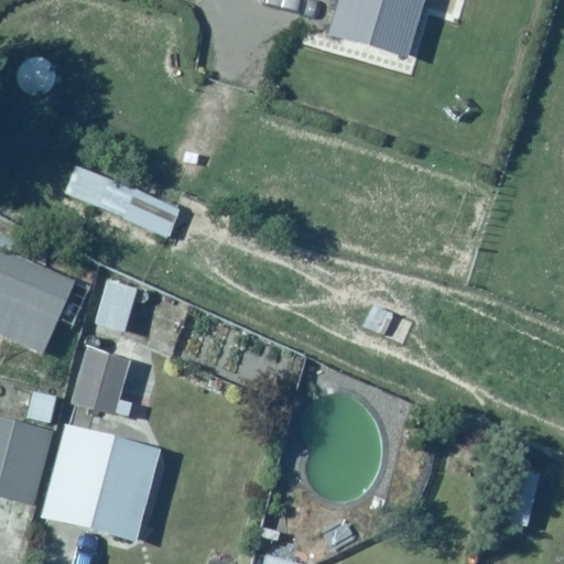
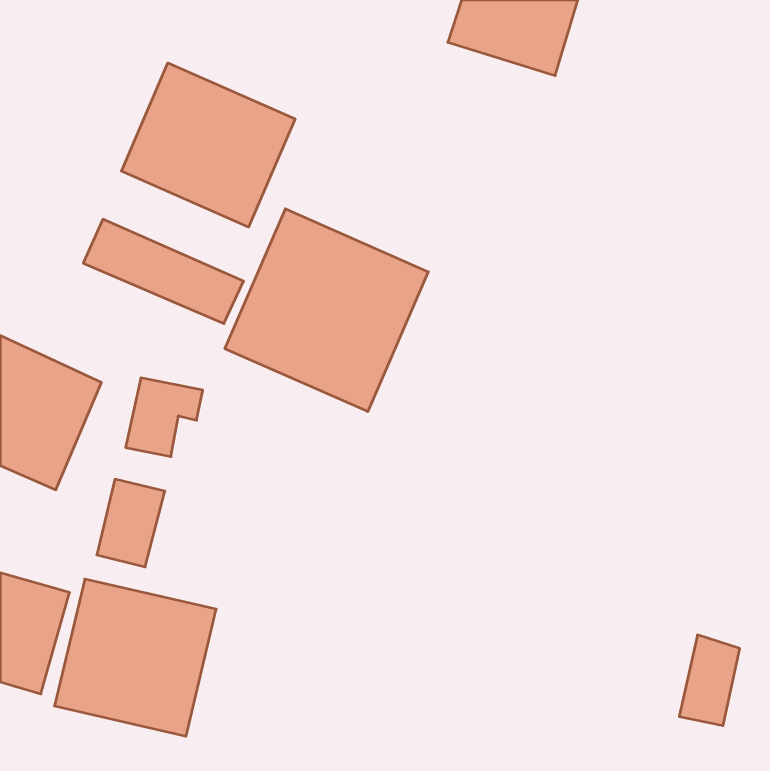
building: none -> [121,63,295,227]
building: none -> [225,209,428,412]

